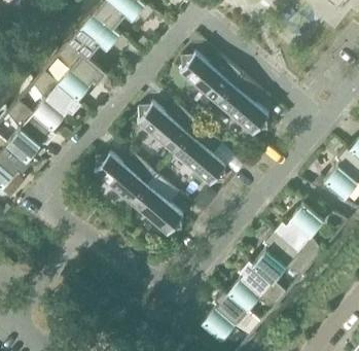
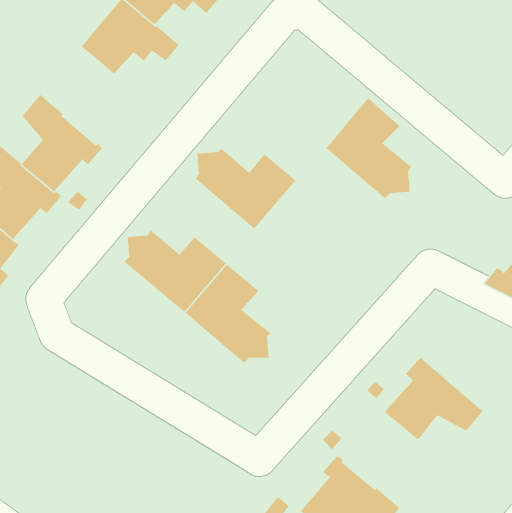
building: [57,43,107,103] -> none
building: [179,55,242,105] -> none
building: [173,125,225,186] -> none
building: [274,205,323,265] -> none
building: [226,261,287,312] -> none

